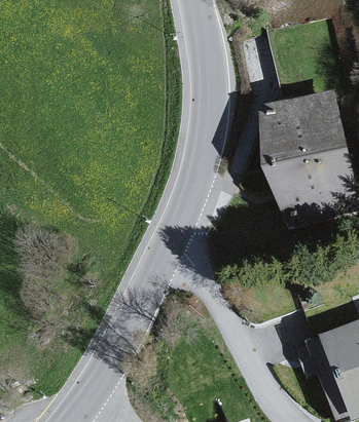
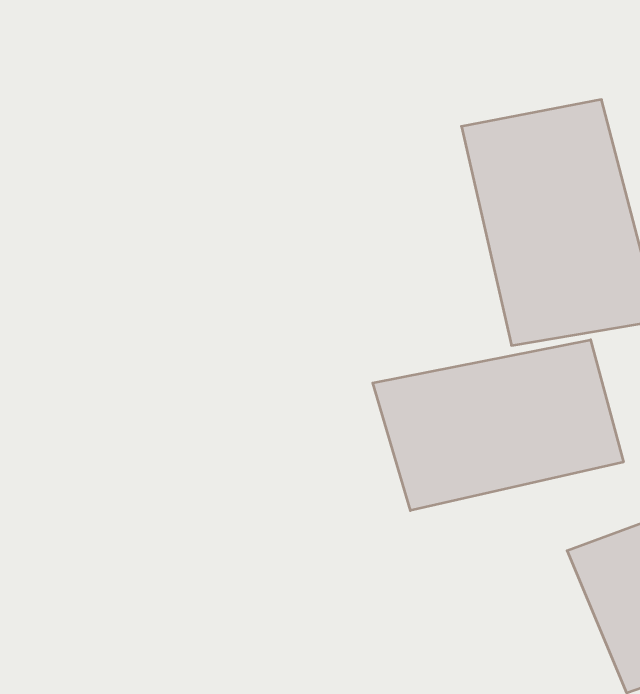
building: none -> [373,340,623,511]

